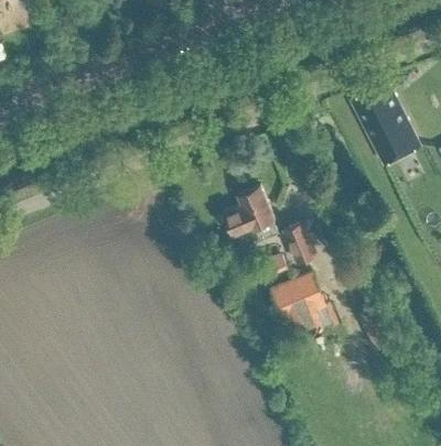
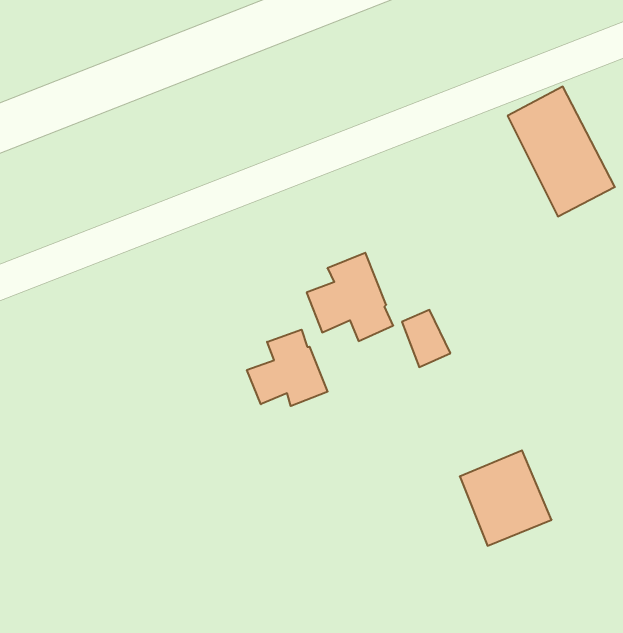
building: none -> [247,330,328,406]
building: [272,272,331,333] -> [460,450,552,546]

